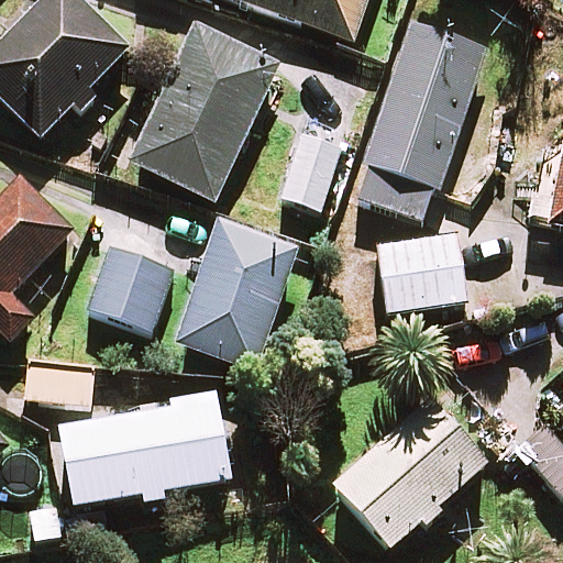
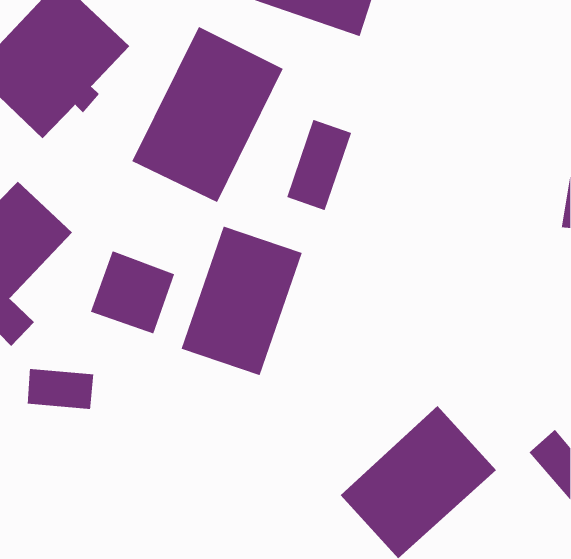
building: [354,22,485,219] -> none
building: [379,236,466,311] -> none
building: [59,400,230,505] -> none

